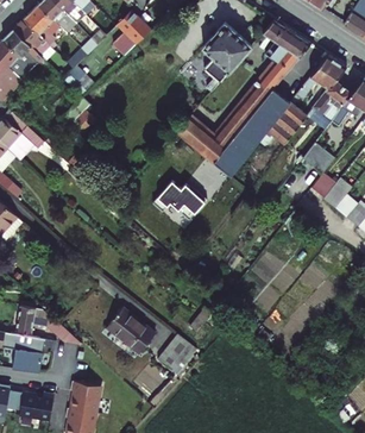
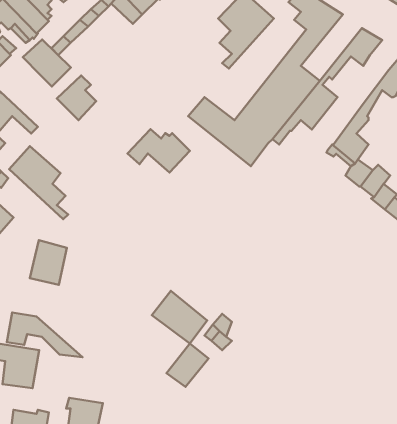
building: none -> [23,40,71,87]
building: [311,79,351,121] -> none
building: none -> [9,146,68,219]
building: [151,180,206,218] -> [127,129,190,172]
building: none -> [30,240,67,285]
building: [105,306,153,352] -> [152,291,207,344]

